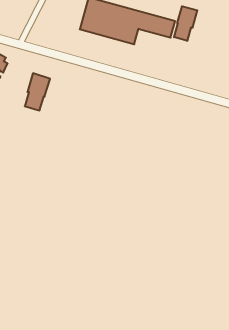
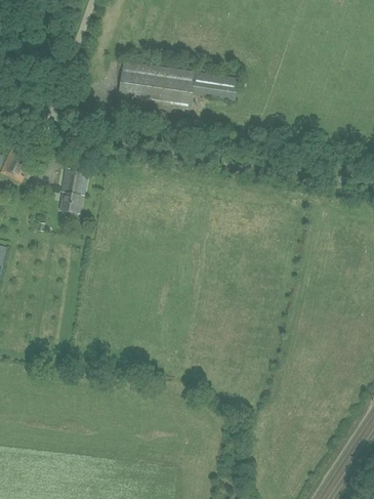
building: [174,6,197,41] -> none

